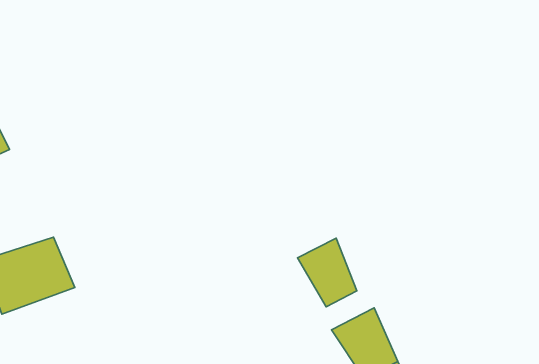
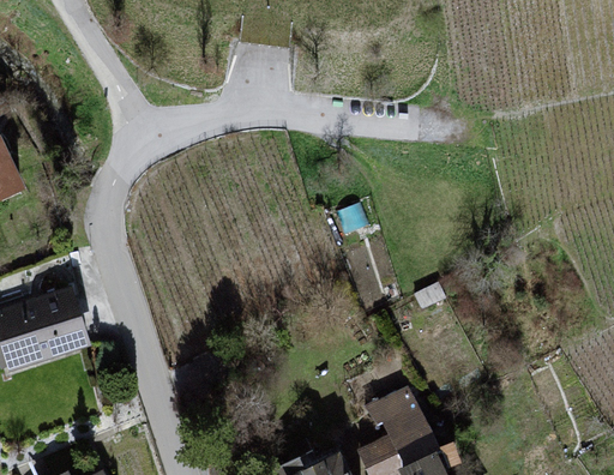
building: [297,238,357,307] -> none

